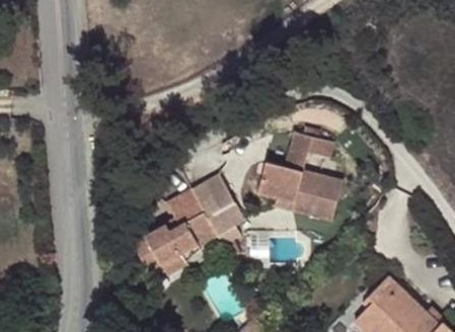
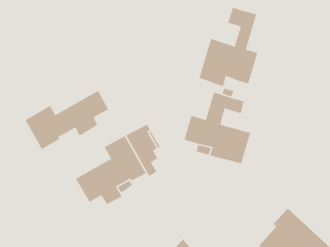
building: none -> [198,7,258,87]
building: none -> [24,90,109,150]

